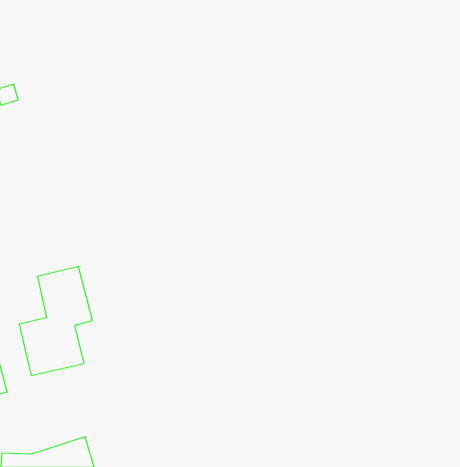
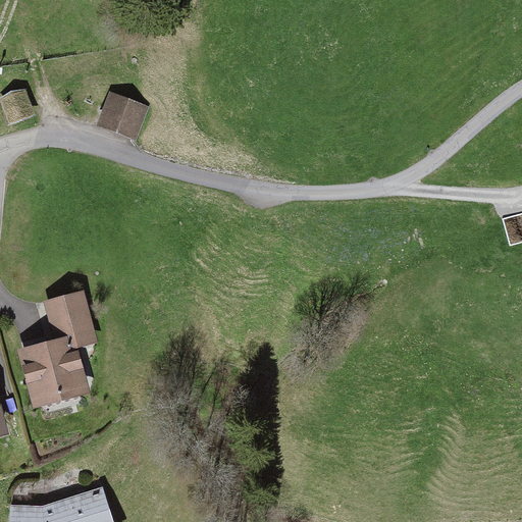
building: none -> [93,98,133,134]

